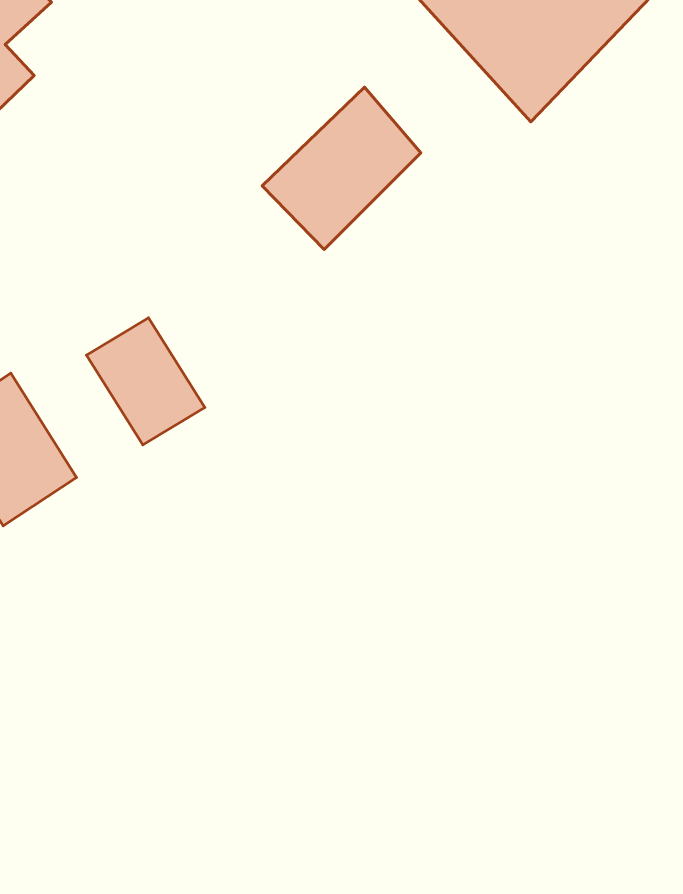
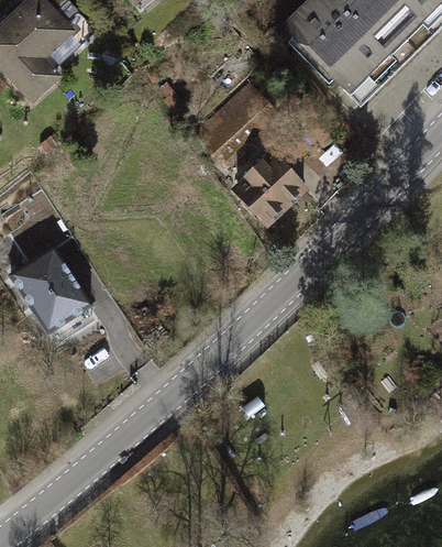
building: none -> [224,151,306,232]
building: [86,318,205,445] -> none

